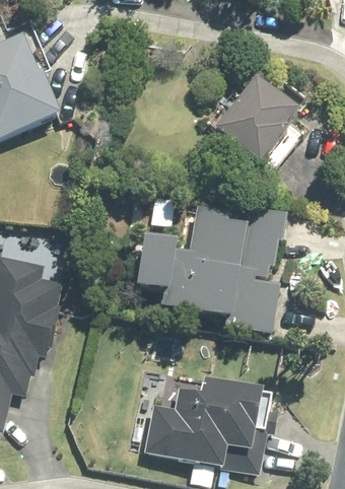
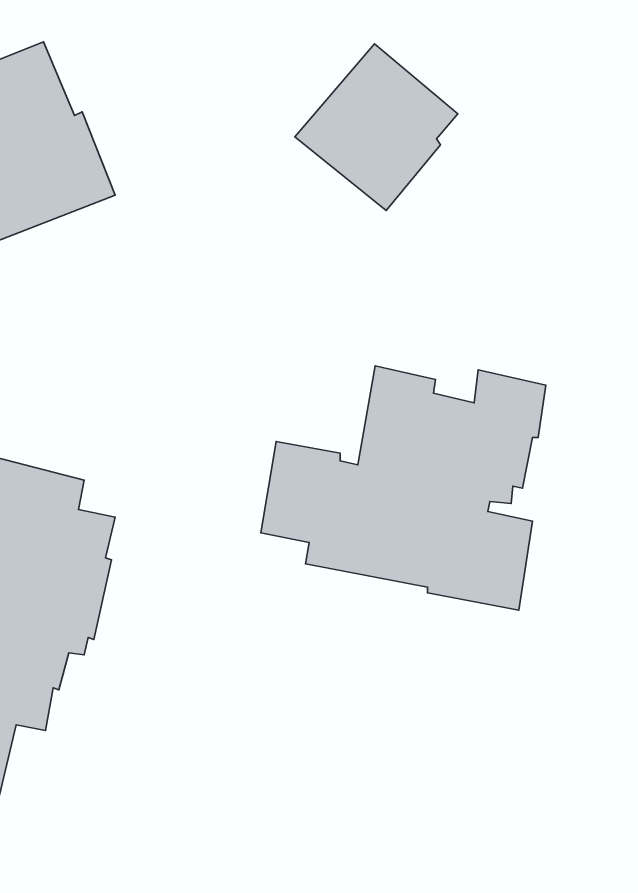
building: [215,79,300,166] -> [295,44,458,211]
building: [143,373,267,469] -> none

